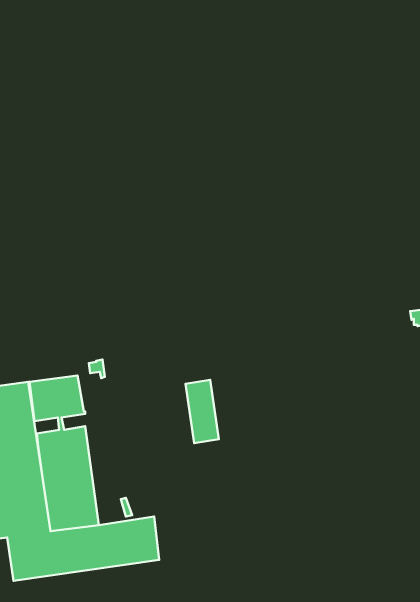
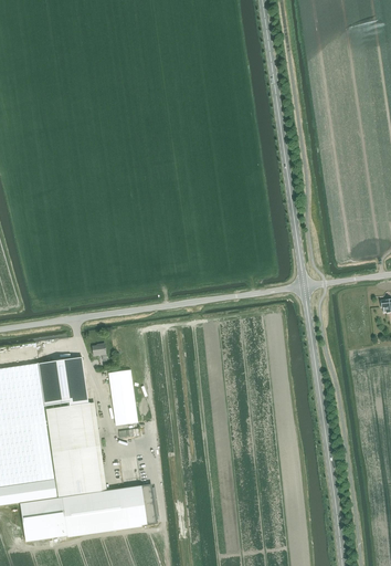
building: [185,380,219,443] -> [108,369,138,426]

